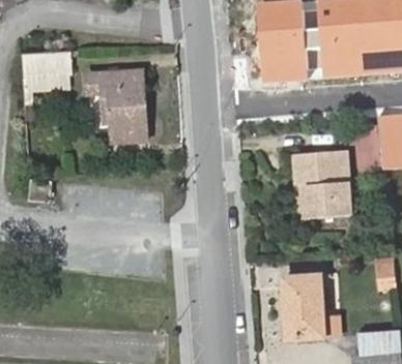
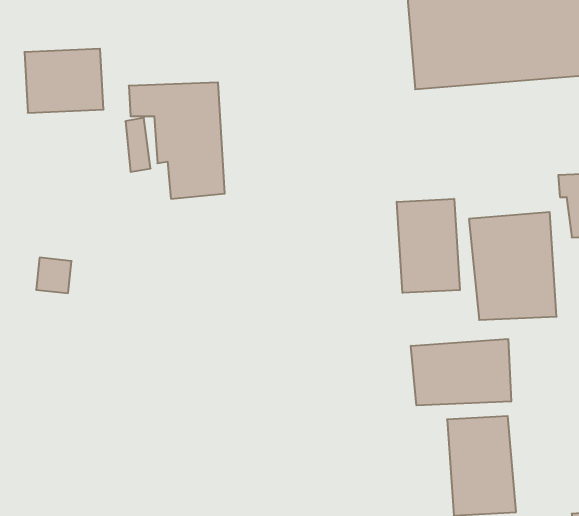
building: none -> [397,199,460,293]
building: none -> [411,339,511,405]

